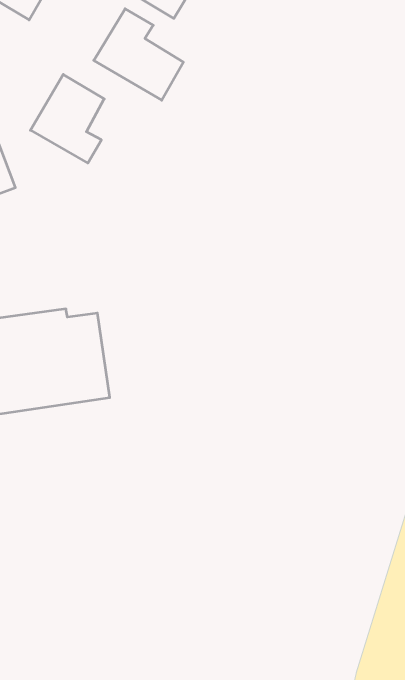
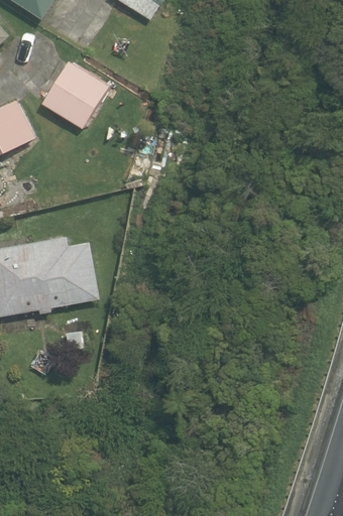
building: [94,9,183,100] -> none

